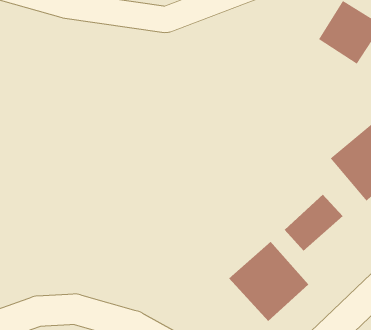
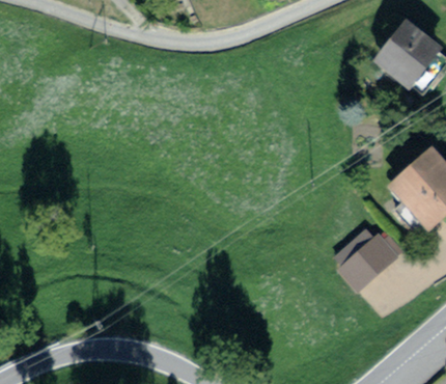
building: [228,241,309,322] -> none

